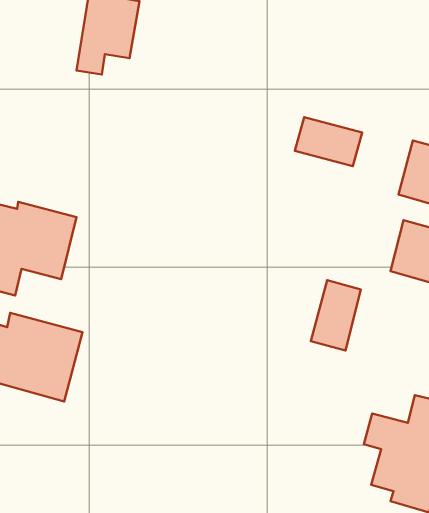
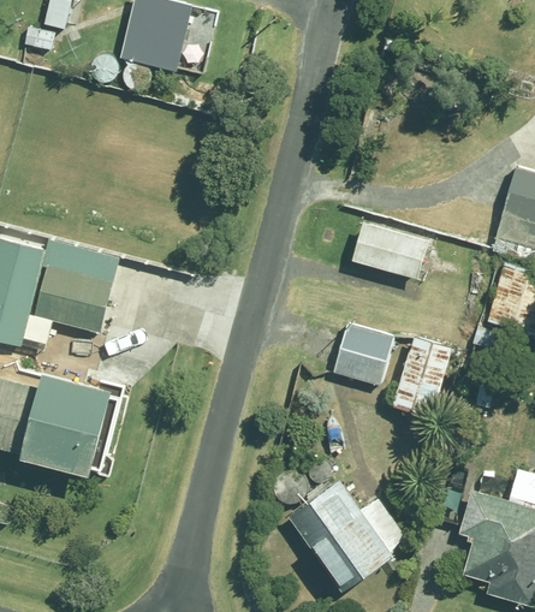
building: [295,117,362,166] -> [350,221,429,279]
building: none -> [332,325,393,386]
building: none -> [287,479,410,590]

